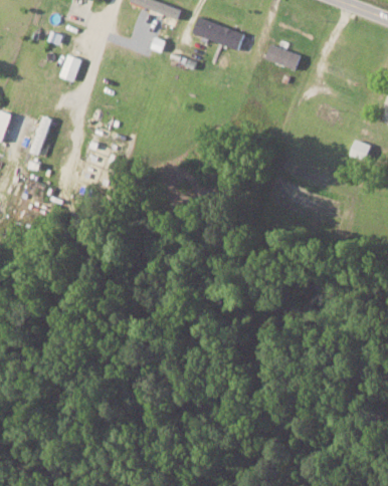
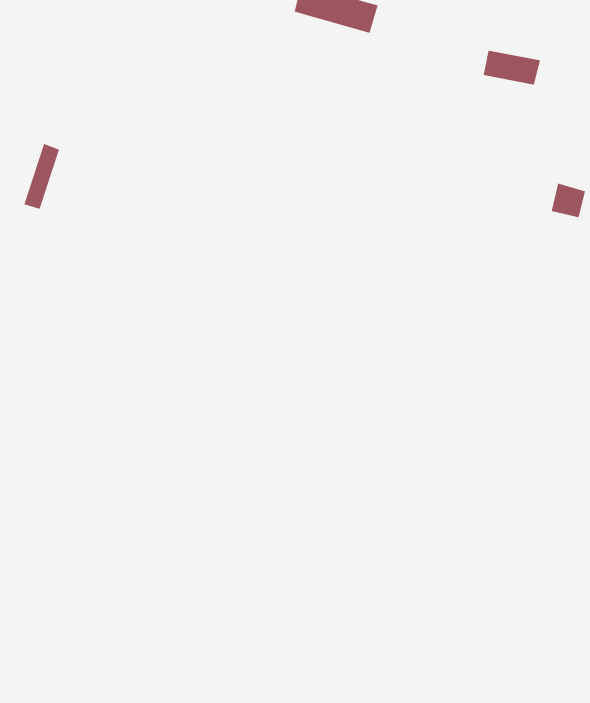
building: [265,46,301,67] -> [483,50,541,85]
building: [59,54,80,80] -> none

